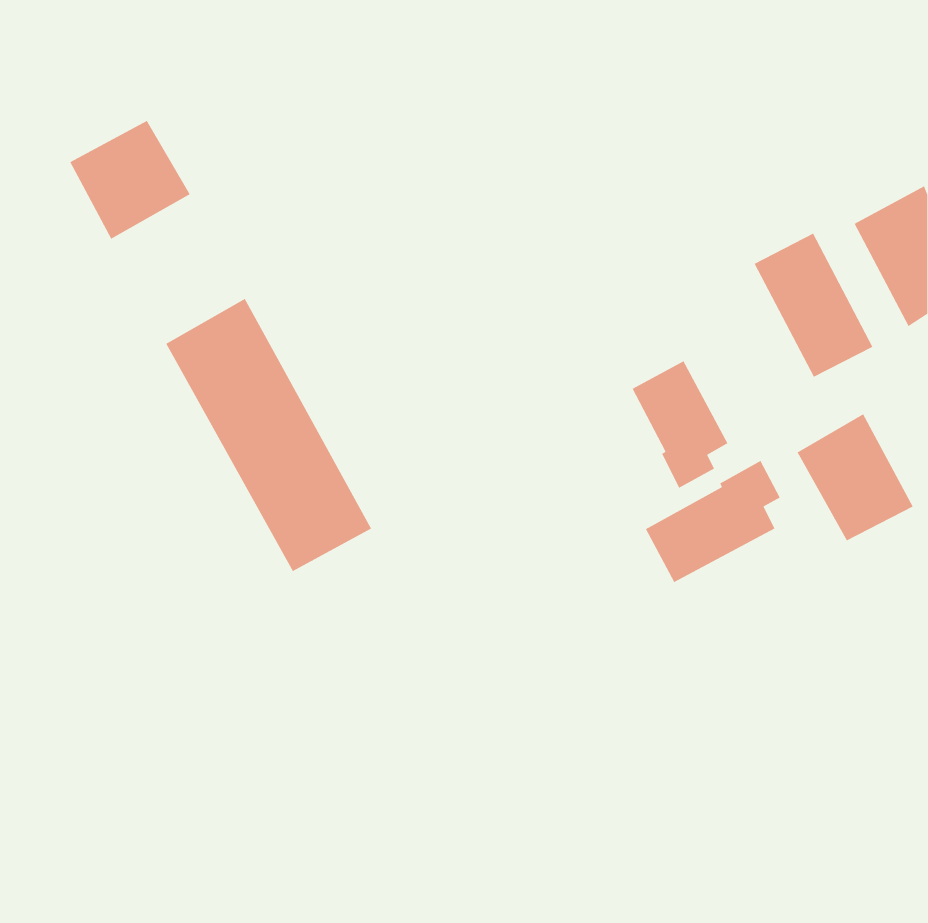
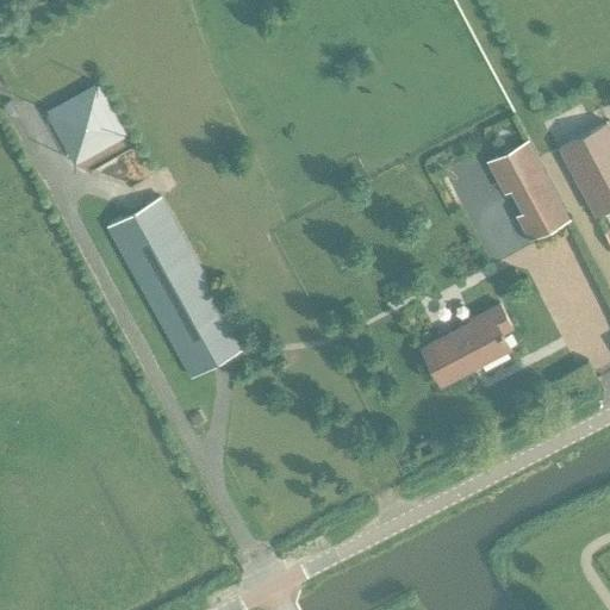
building: [632,360,729,489] -> none
building: [796,413,914,541] -> none

